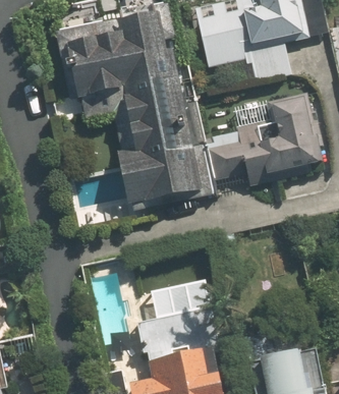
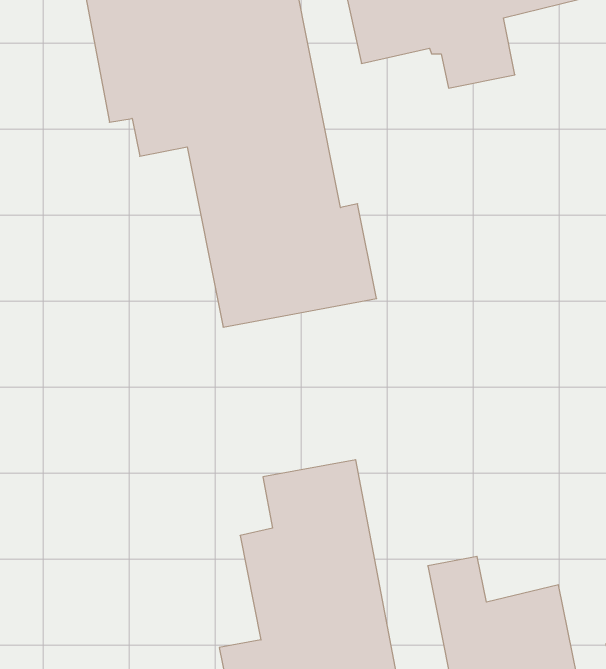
building: [210,95,322,184] -> none

